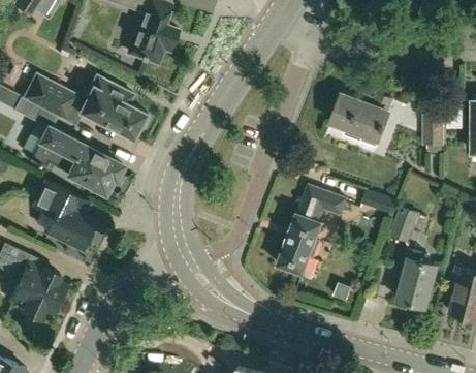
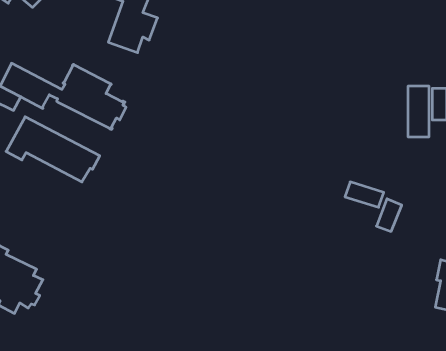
building: [331,94,391,148] -> none
building: [33,183,94,248] -> none
building: [277,184,346,274] -> none
building: [398,249,437,308] -> none

